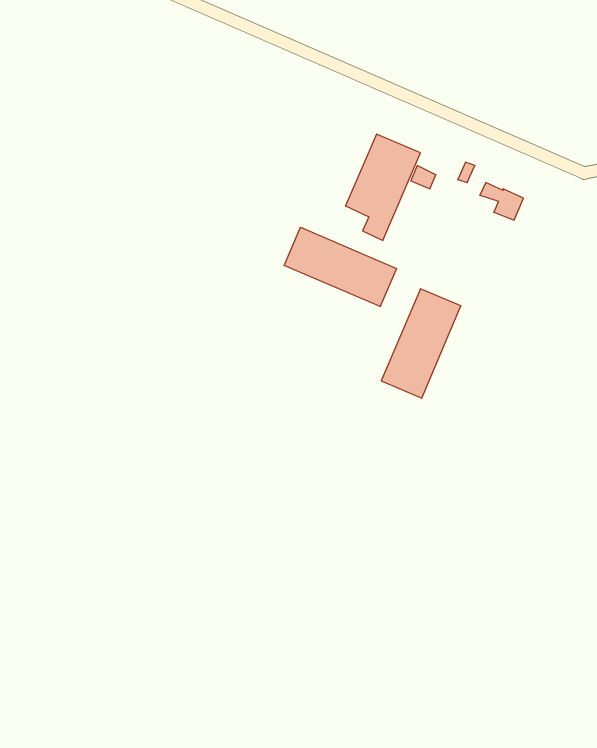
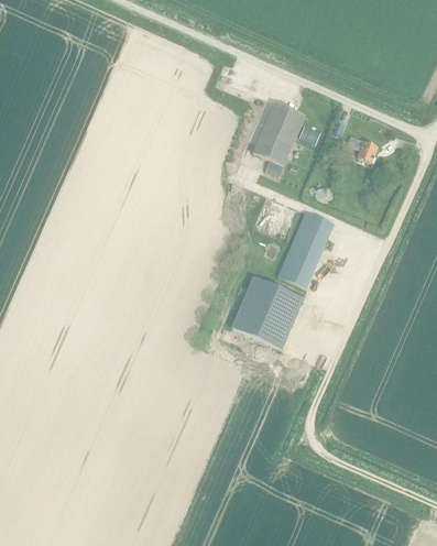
building: [284,227,396,307] -> none
building: none -> [232,277,302,348]

